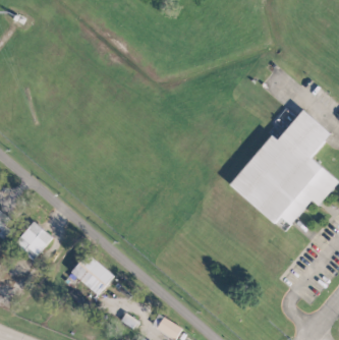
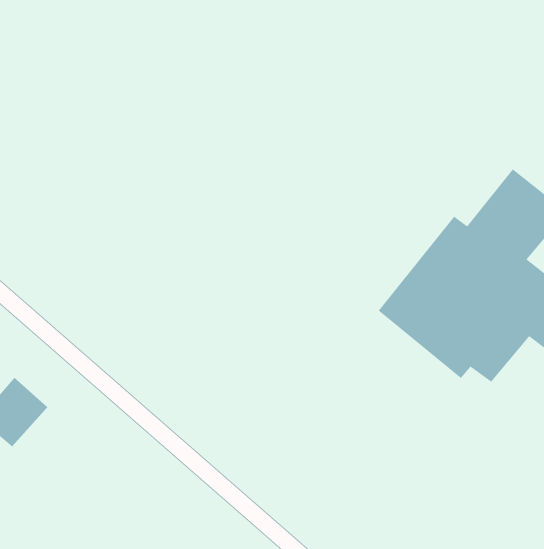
building: [70,253,113,294] -> none

